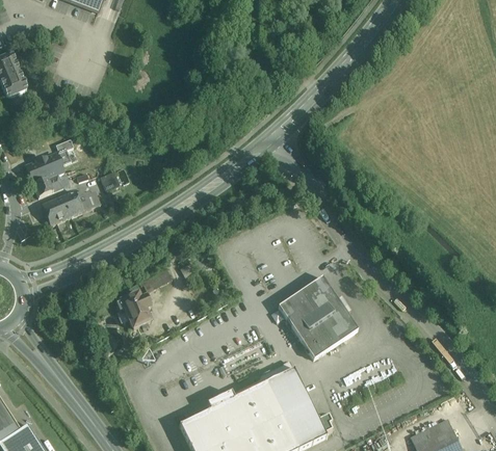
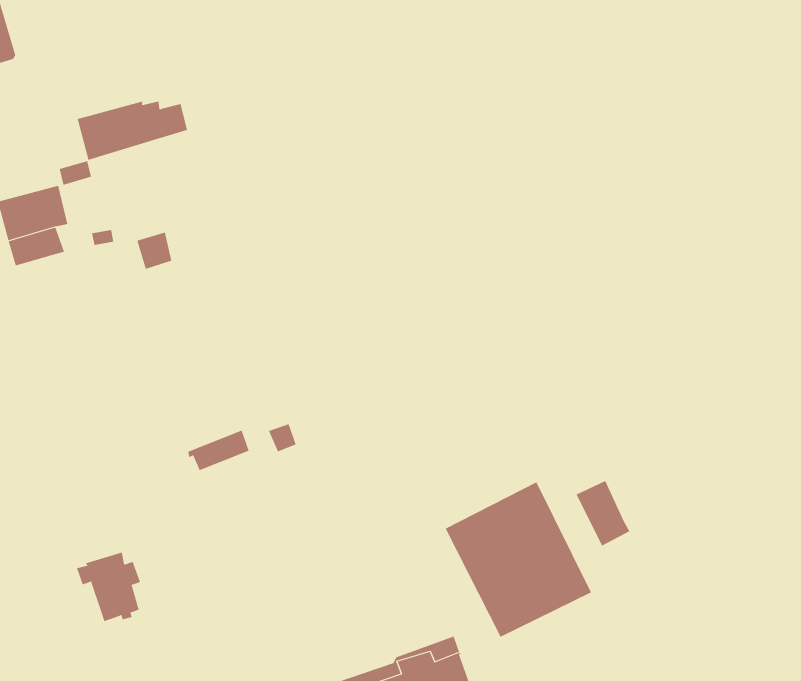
building: [42,189,100,224] -> [77,101,188,160]
building: none -> [576,480,630,547]
building: [115,291,151,328] -> [76,552,141,622]

